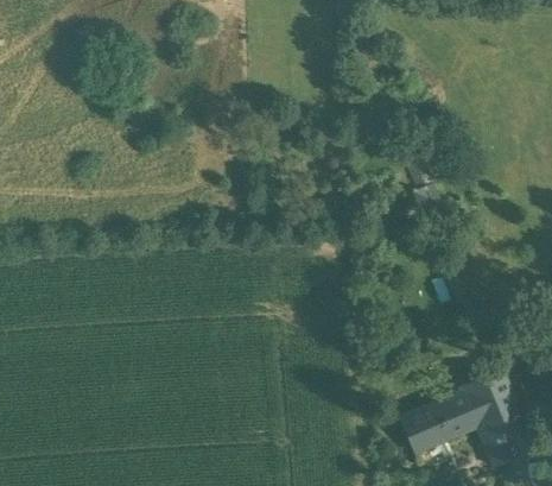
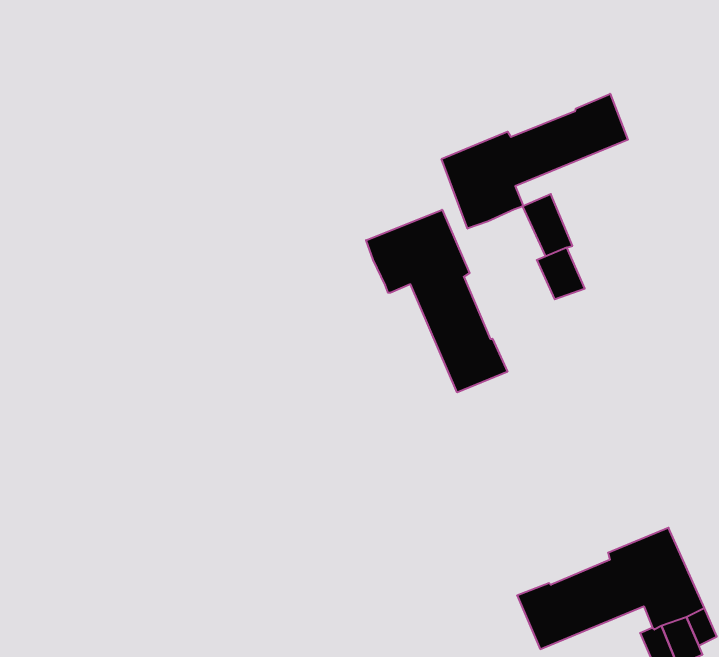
building: none -> [442,94,628,229]
building: none -> [366,210,507,392]

